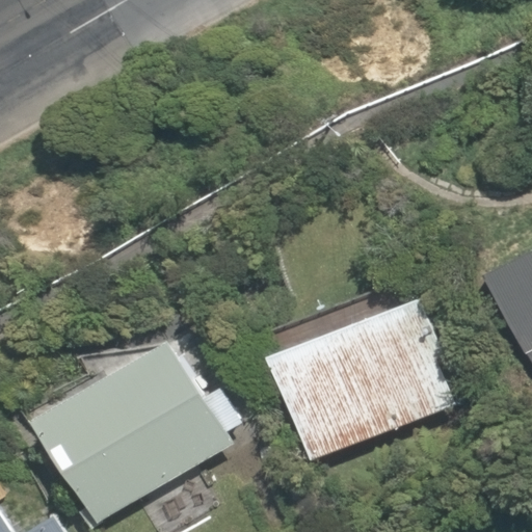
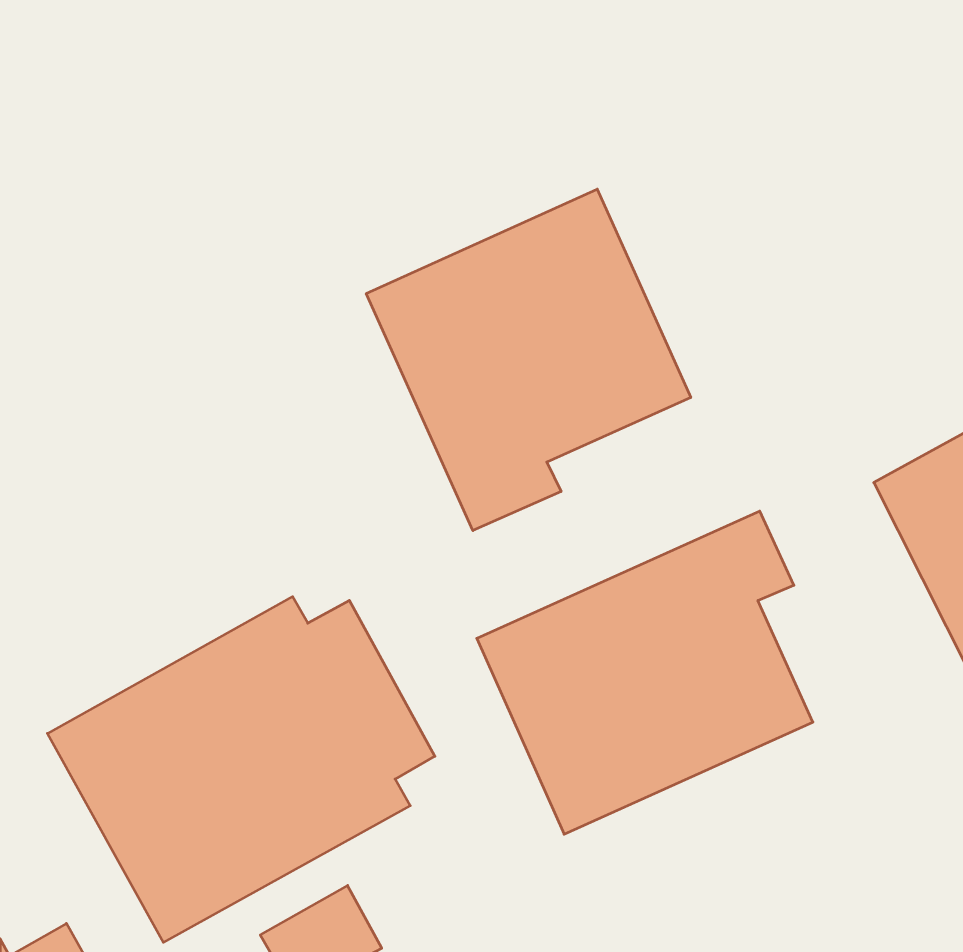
building: none -> [366,189,691,531]

